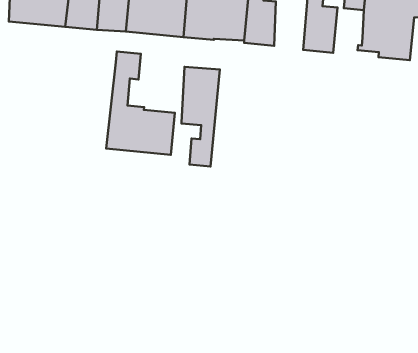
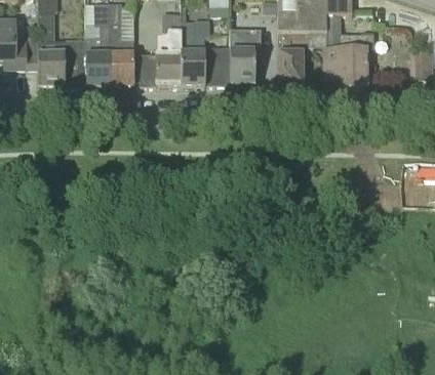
building: [106,51,175,155] -> none
building: [181,67,220,166] -> none

